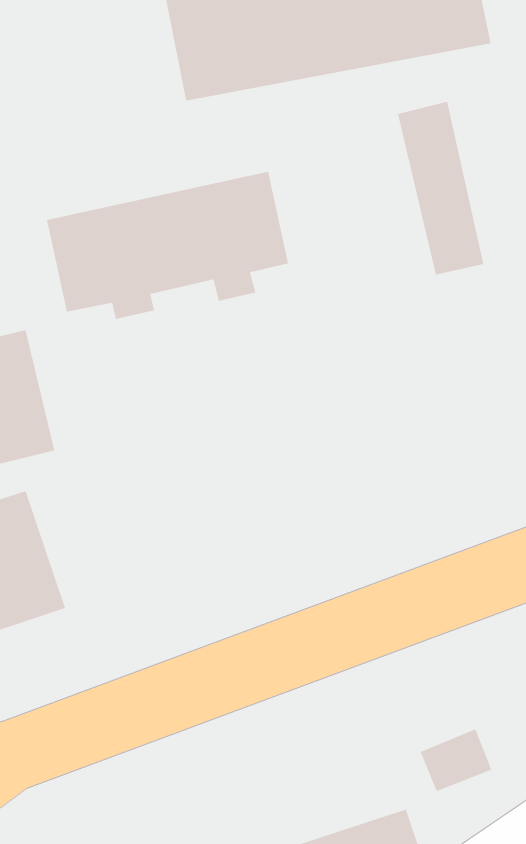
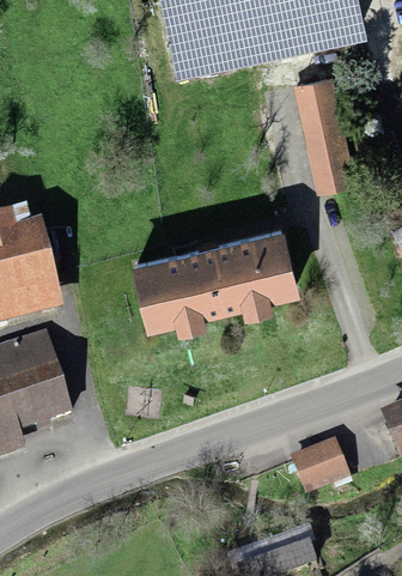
building: [46,171,289,319] -> [139,228,299,326]
building: [420,728,492,792] -> [294,443,342,485]

